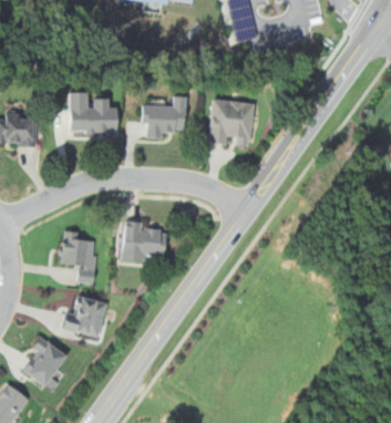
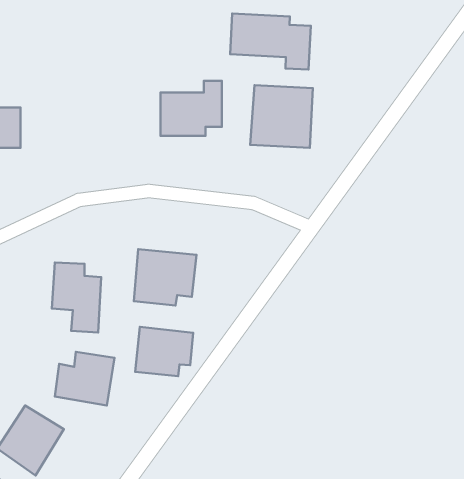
building: none -> [230,13,311,70]
building: [68,91,116,134] -> none
building: none -> [135,327,193,376]

